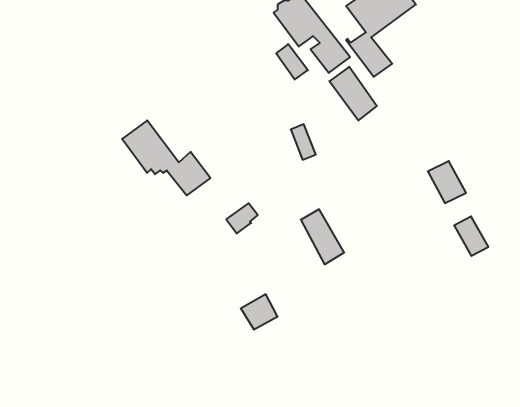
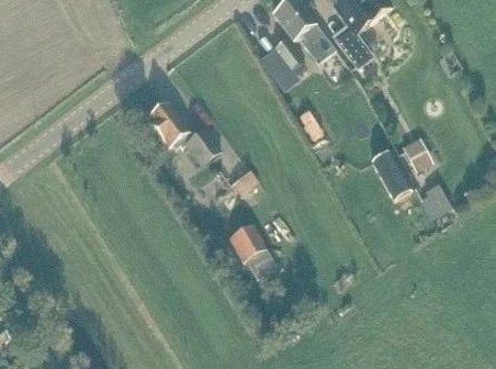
building: [329,67,377,121] -> [258,46,297,91]
building: [301,209,344,264] -> [371,150,407,197]
building: none -> [227,222,267,261]

